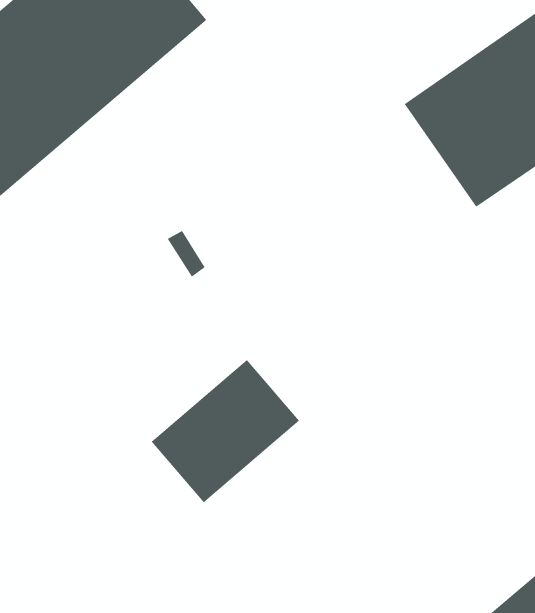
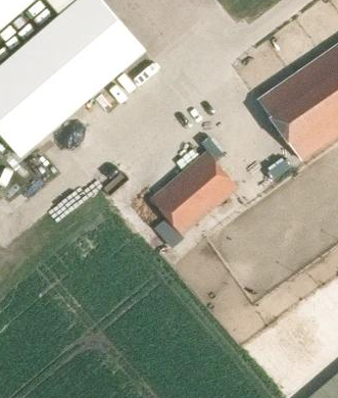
building: [151,359,300,503] -> [150,151,237,235]

